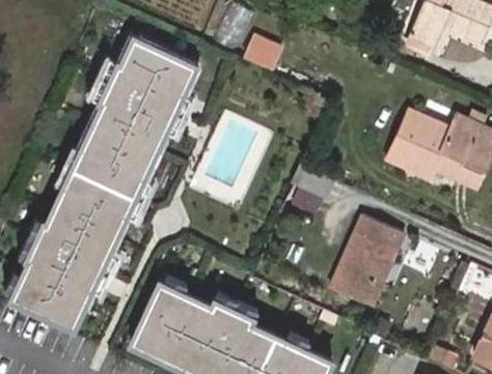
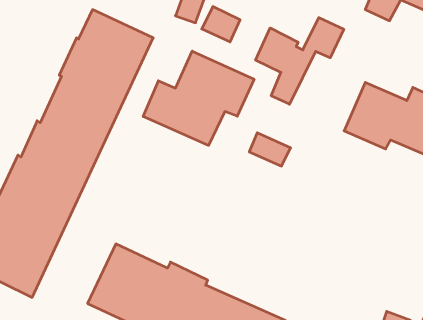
building: none -> [256,18,344,104]
building: none -> [143,51,254,145]
building: [337,220,411,311] -> none

